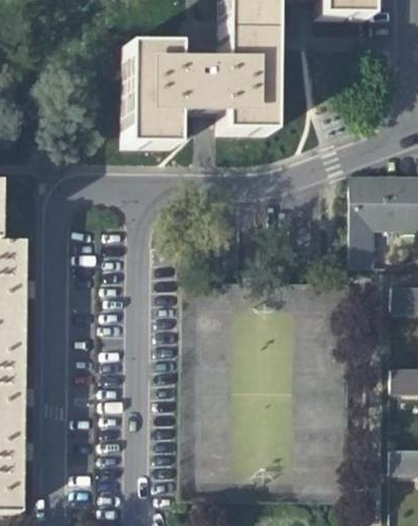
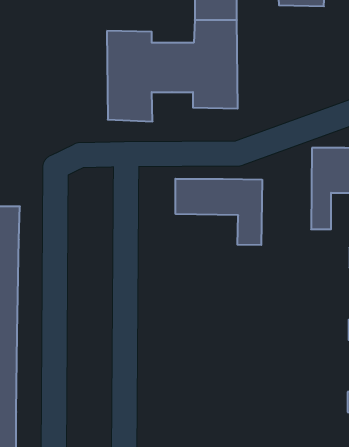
building: none -> [175,179,262,245]

